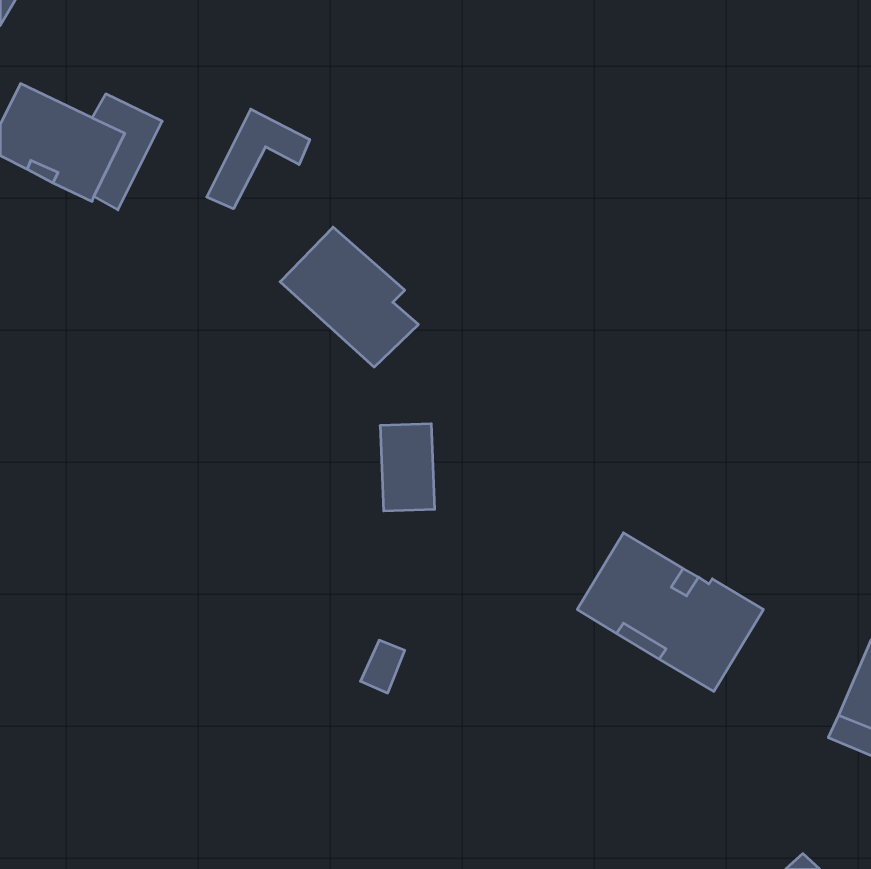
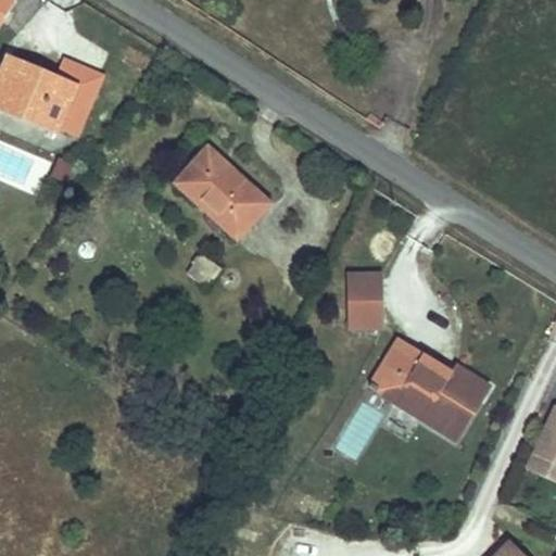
building: [207,109,310,209] -> none
building: [380,424,435,511] -> [345,275,380,330]

